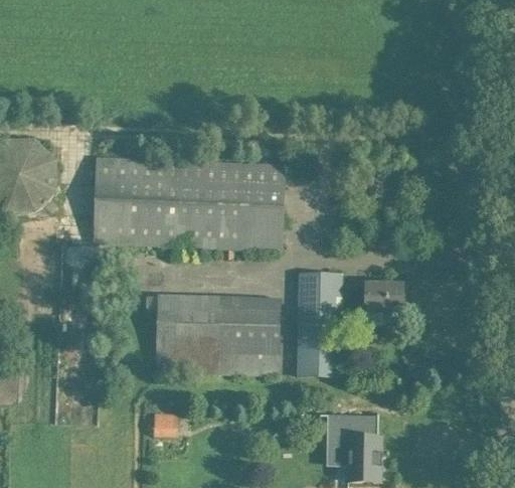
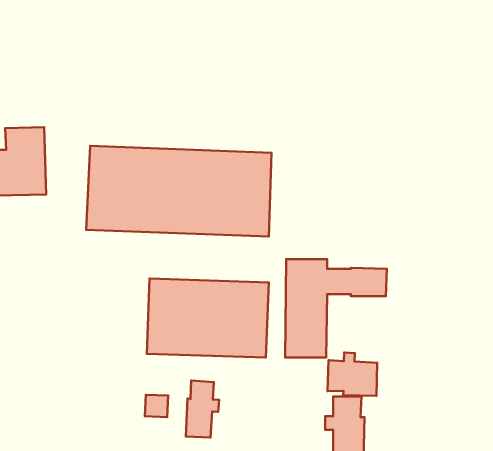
building: none -> [327,353,377,396]
building: none -> [186,381,219,437]

